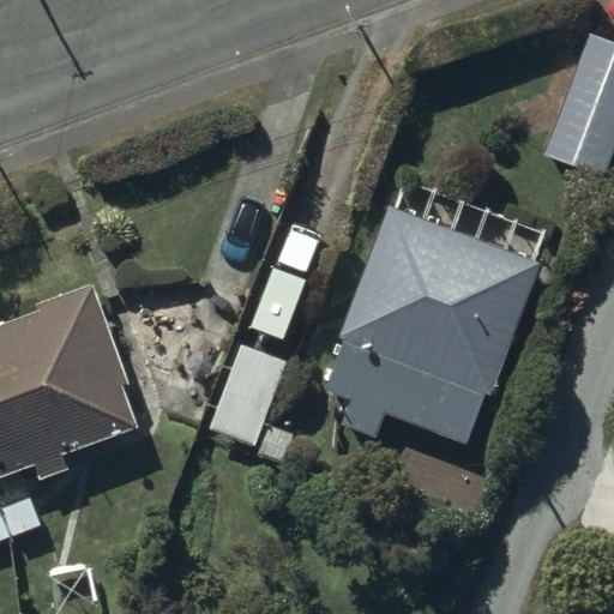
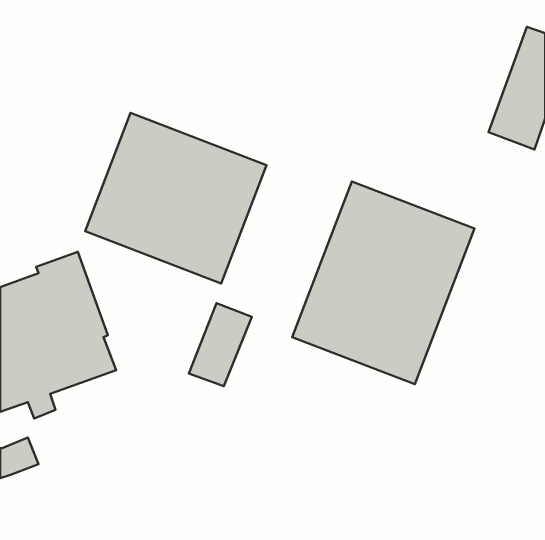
building: none -> [85,113,267,283]

